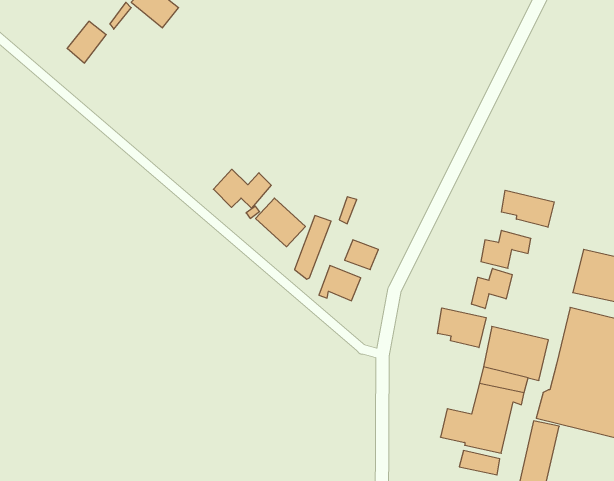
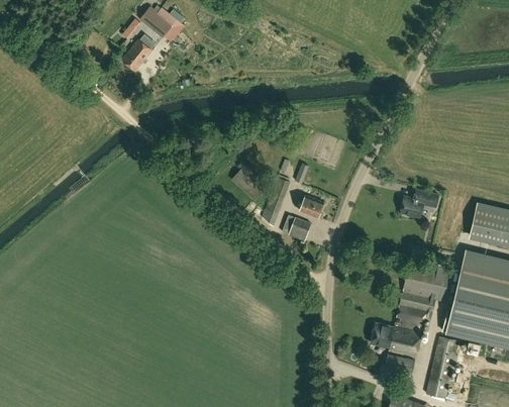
building: [67,21,106,63] -> [122,40,151,72]
building: [213,169,271,208] -> none
building: [501,190,554,227] -> none
building: [472,268,512,309] -> none
building: [437,308,486,348] -> none

